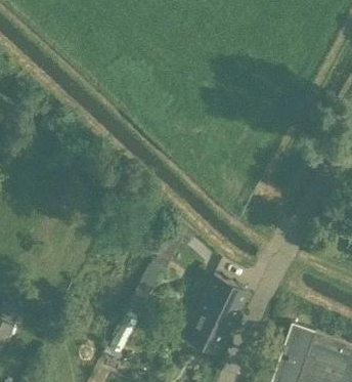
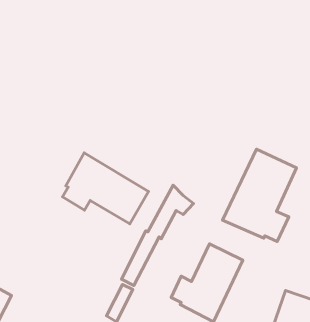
building: none -> [223,149,297,241]
building: none -> [62,153,149,224]

